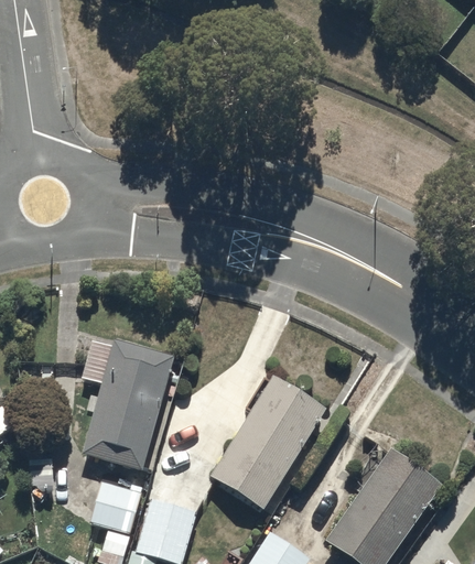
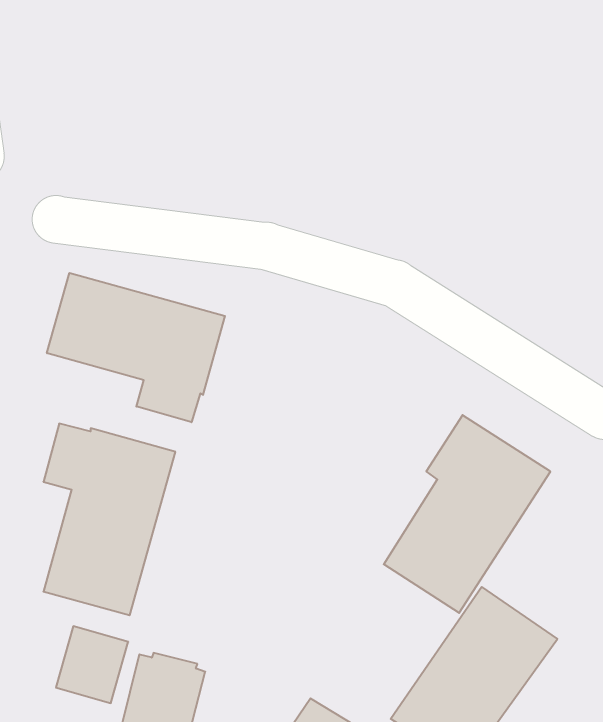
building: none -> [47,273,225,422]
building: [208,372,325,511] -> [384,415,550,613]

